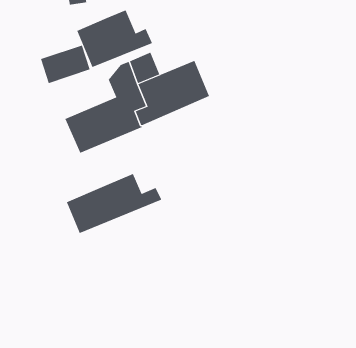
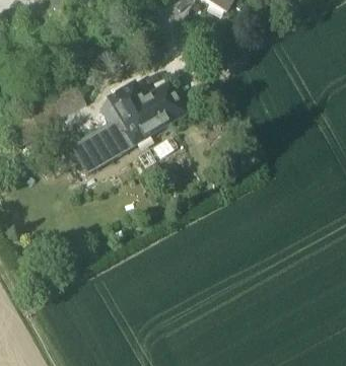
building: [77,9,153,68] -> none
building: [66,173,162,234] -> none

